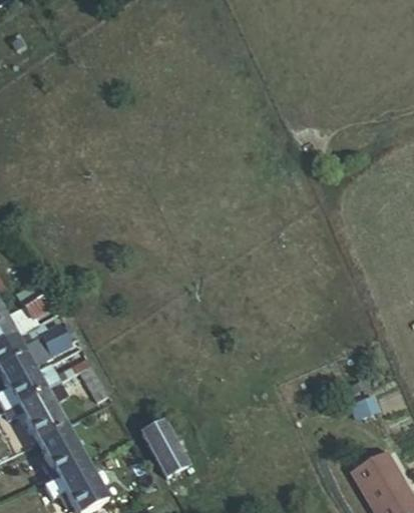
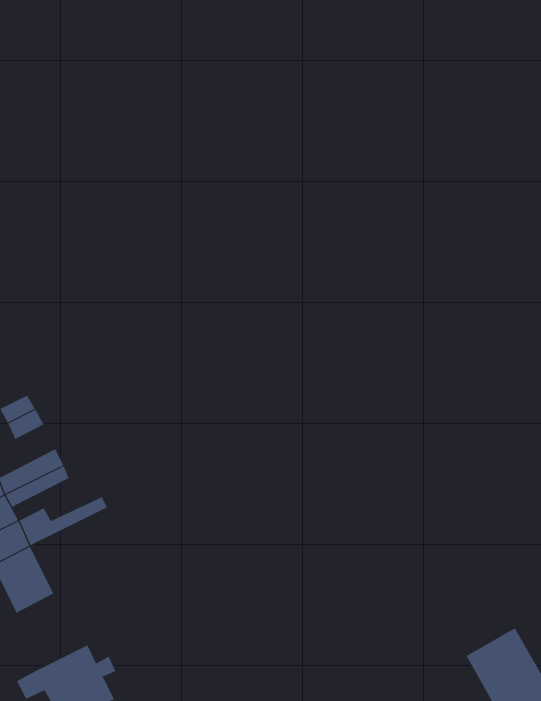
building: [140,421,187,477] -> none
building: [37,425,84,480] -> none

